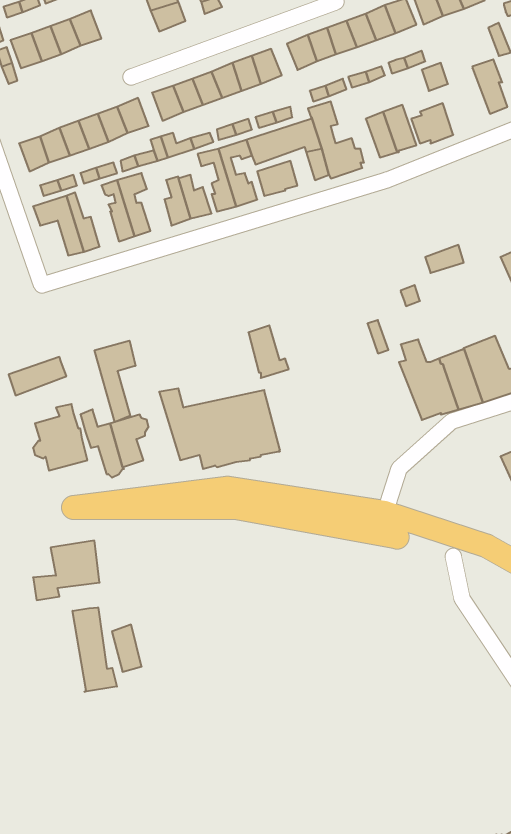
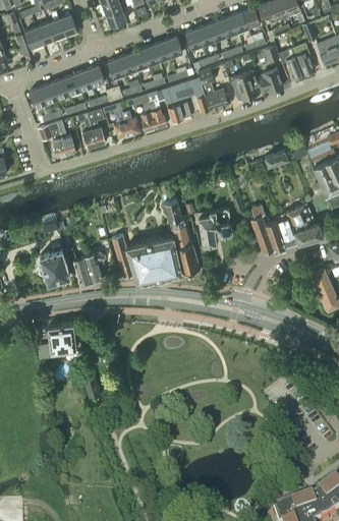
building: none -> [278,48,303,78]
building: none -> [186,201,231,243]
building: [95,341,135,422] -> none
building: none -> [170,223,201,270]
building: [73,607,117,692] -> none

